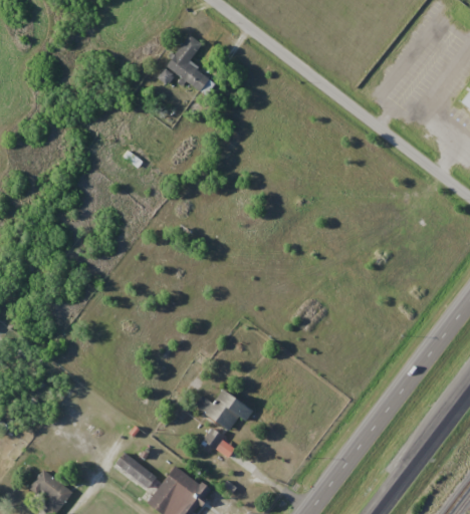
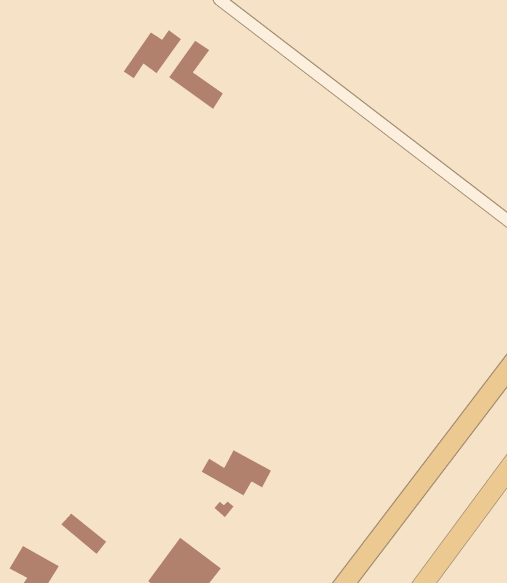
building: none -> [123,29,182,79]
building: [115,453,156,489] -> [61,513,107,555]

